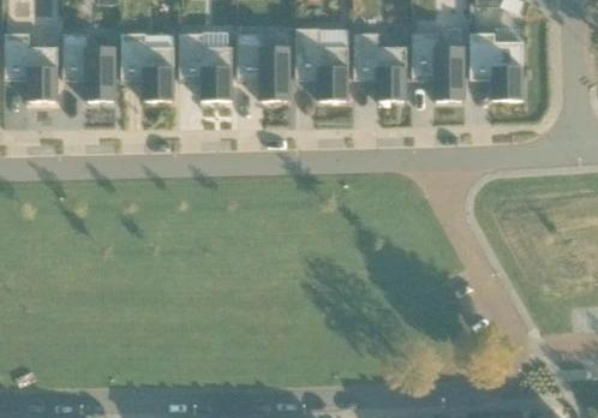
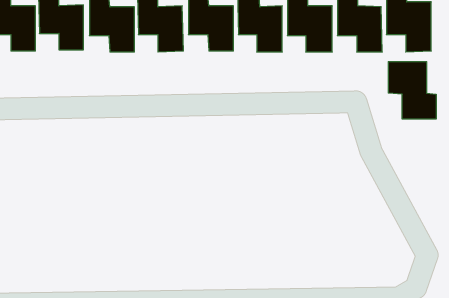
building: none -> [388,62,436,119]

